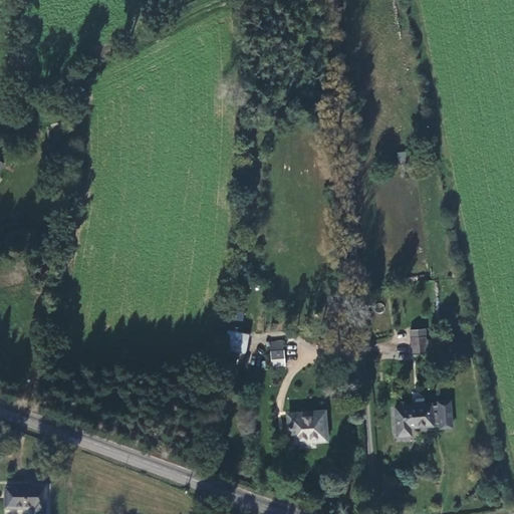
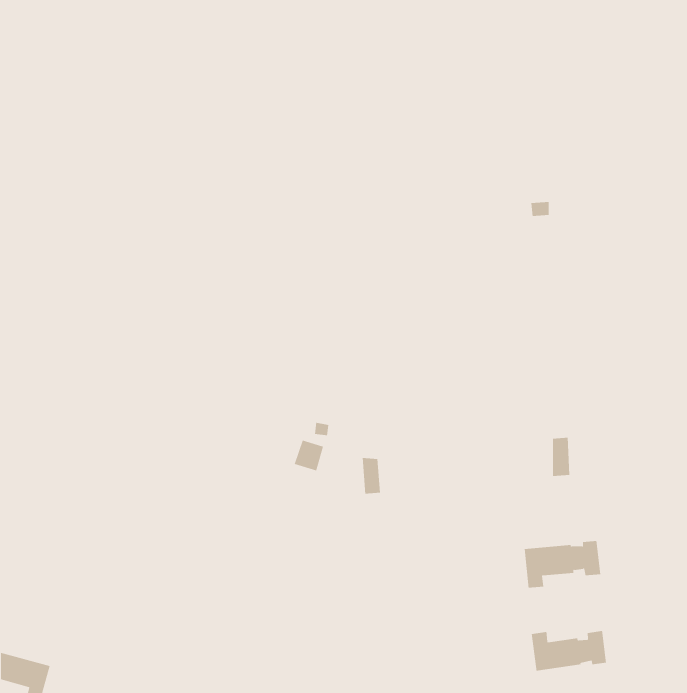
building: [289,411,328,441] -> none
building: none -> [531,630,606,672]

